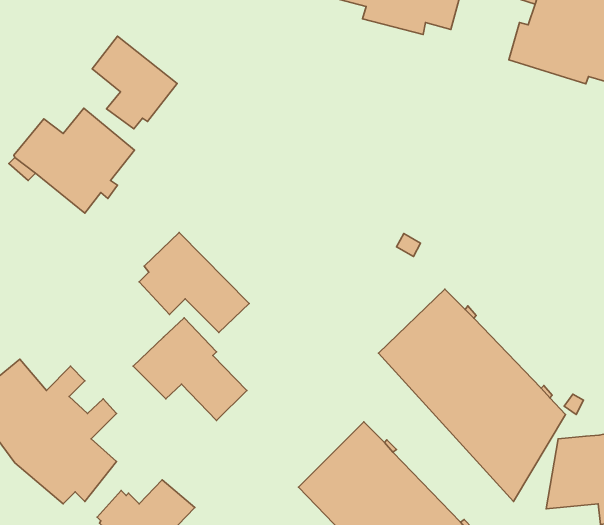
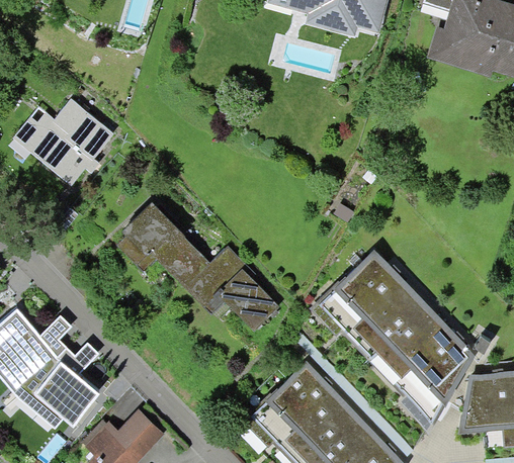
building: [92,36,177,129] -> none
building: [133,318,247,421] -> [185,246,280,332]

